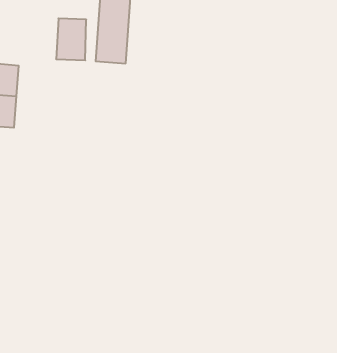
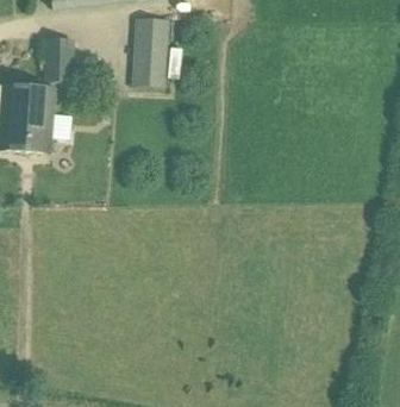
building: [56,18,86,60] -> [44,36,75,79]

